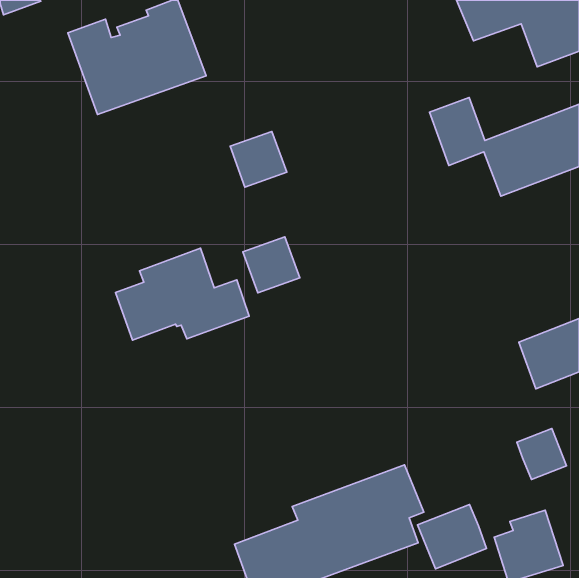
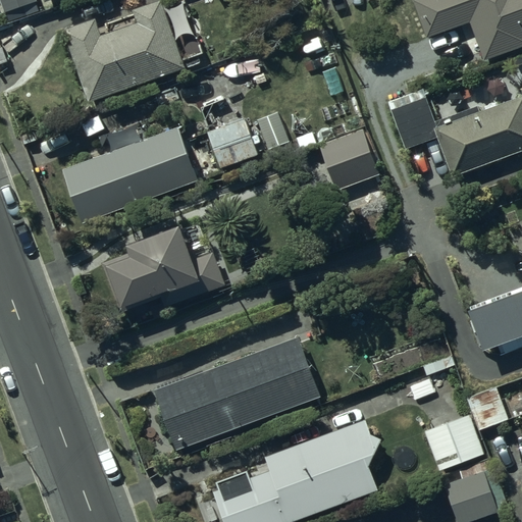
building: none -> [61,127,197,223]
building: none -> [319,128,378,191]
building: [243,237,300,293] -> none
building: none -> [153,336,320,452]
building: [417,504,487,569] -> [423,413,485,471]

